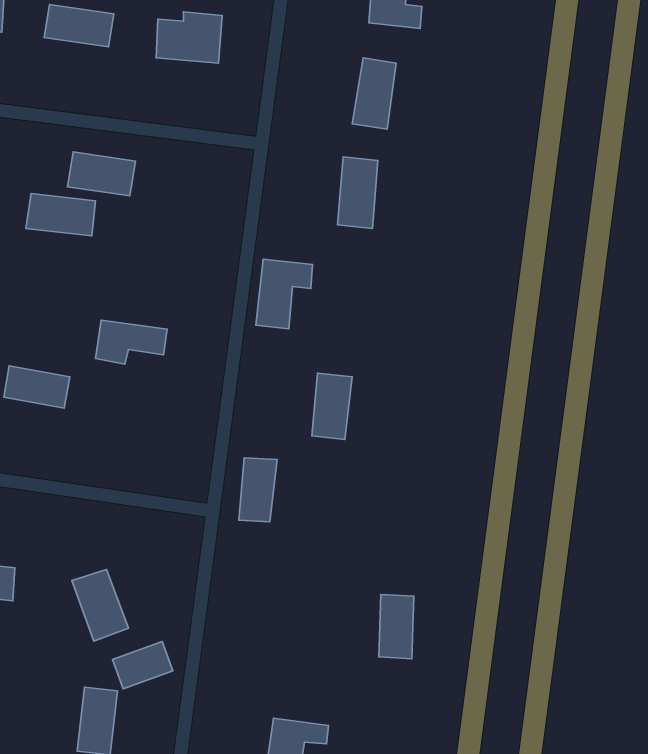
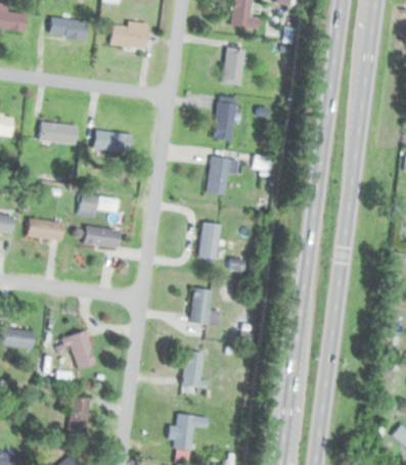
building: [68,152,135,196] -> [94,130,132,154]
building: [256,259,313,329] -> [207,156,238,195]
building: none -> [83,227,120,246]
building: [239,458,277,522] -> [190,288,212,324]
building: [379,594,414,659] -> [183,352,202,387]
building: [113,641,173,689] -> none

